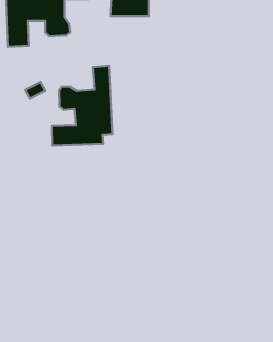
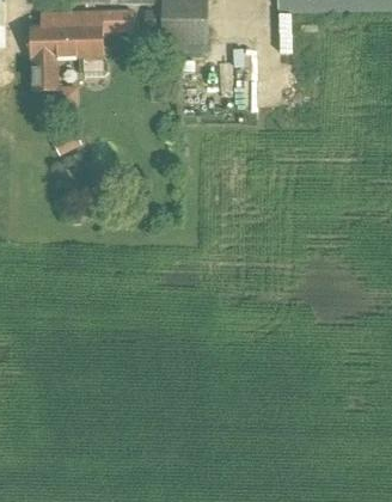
building: [52,66,112,146] -> none

